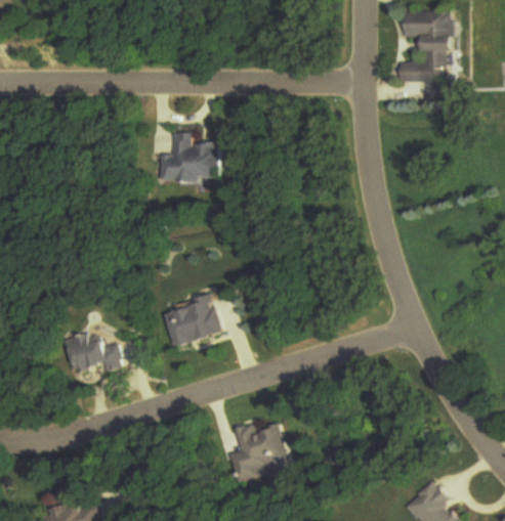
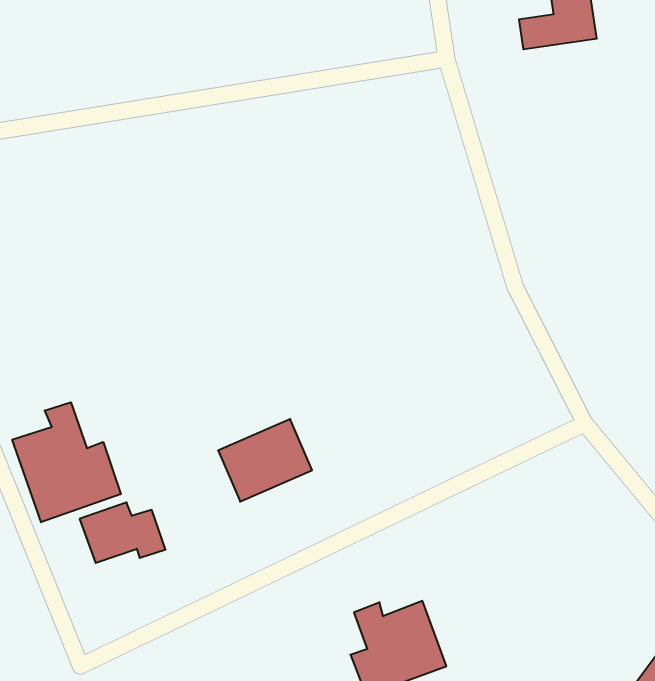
building: [160,132,219,179] -> none
building: none -> [12,402,121,522]

